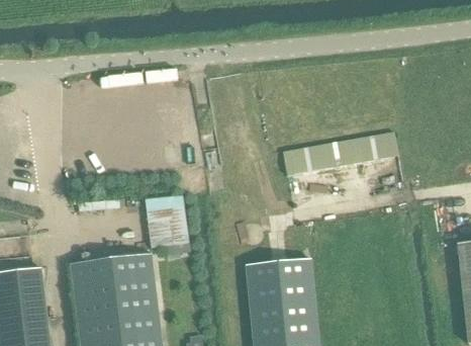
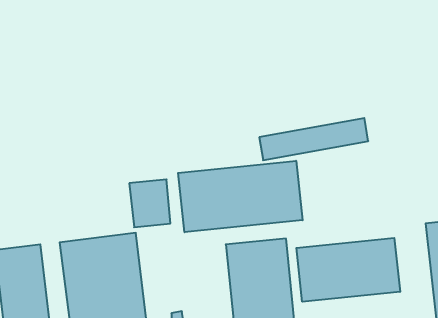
building: none -> [178,161,303,232]
building: none -> [296,238,400,302]

